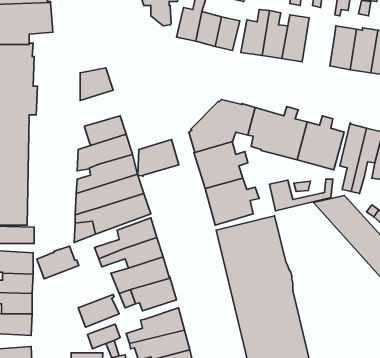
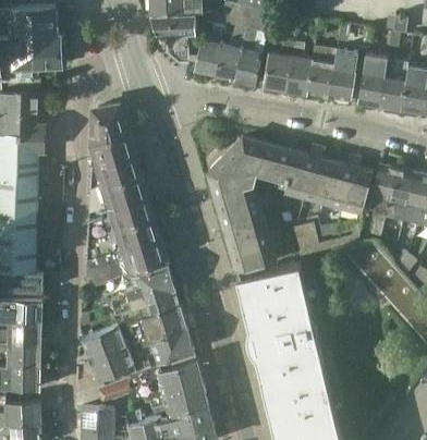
building: none -> [328,51,356,101]
building: [138,139,179,176] -> [90,129,134,168]
building: [37,246,79,279] -> [82,326,126,360]

